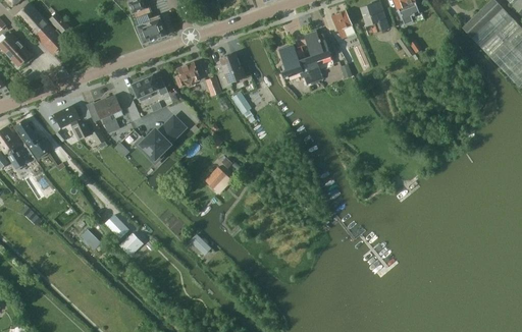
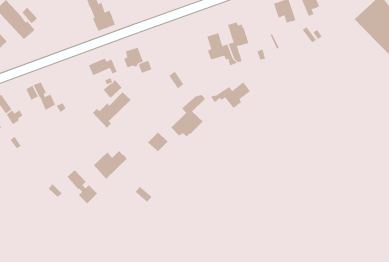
building: [331,10,356,40] -> none
building: [217,53,246,89] -> none
building: [95,95,123,133] -> none
building: none -> [210,82,251,109]
building: none -> [170,94,206,137]
building: none -> [93,150,127,179]

